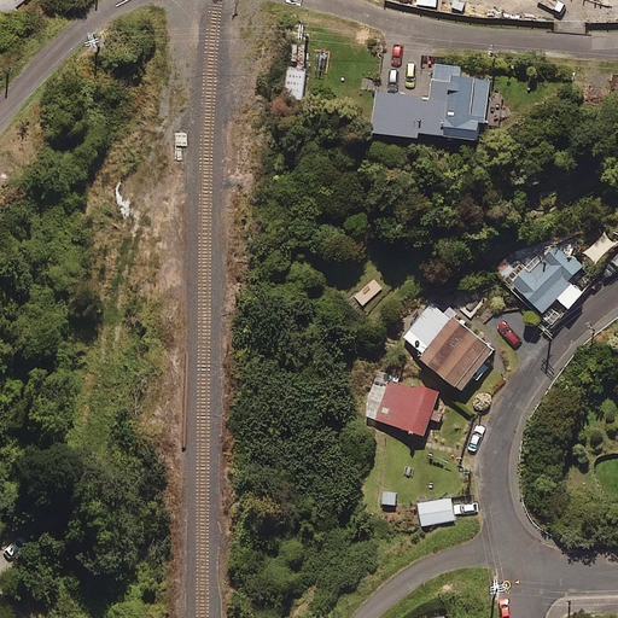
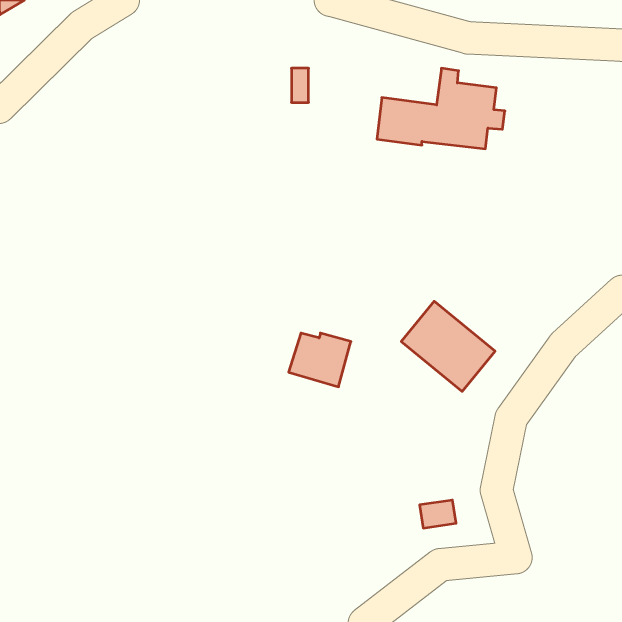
building: [509,240,581,311] -> none
building: [374,380,436,433] -> [289,333,351,387]

